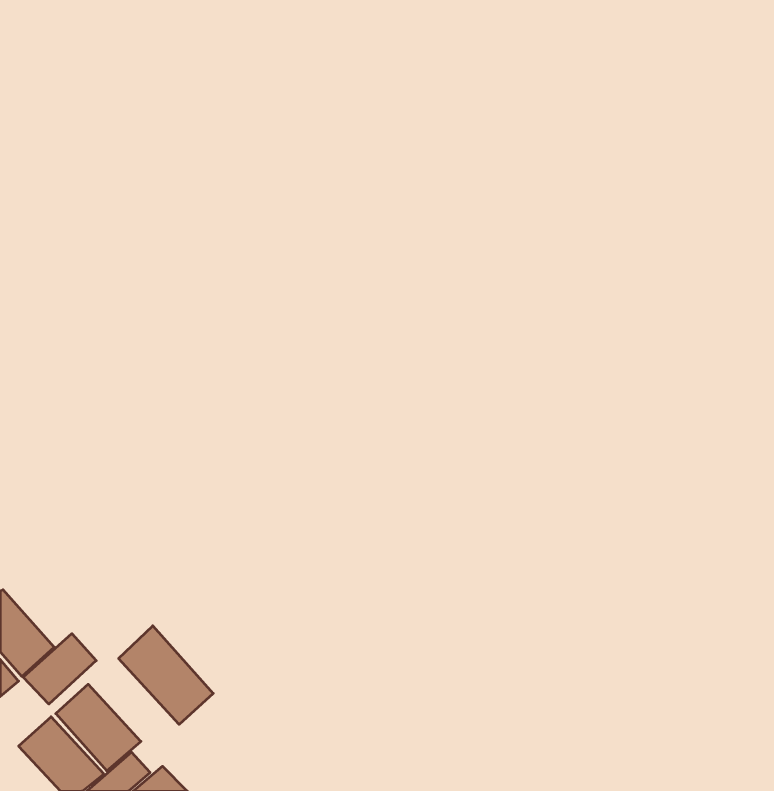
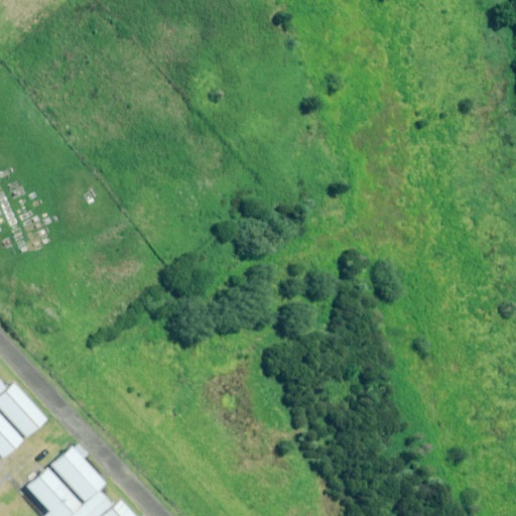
building: [119,626,213,724] -> none
building: [23,634,96,704] -> none

